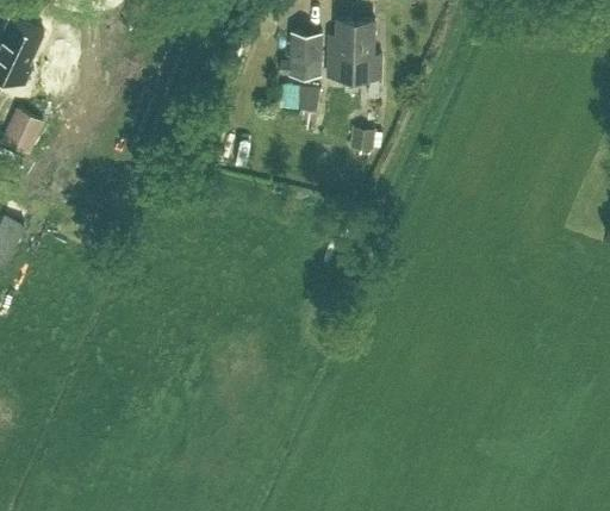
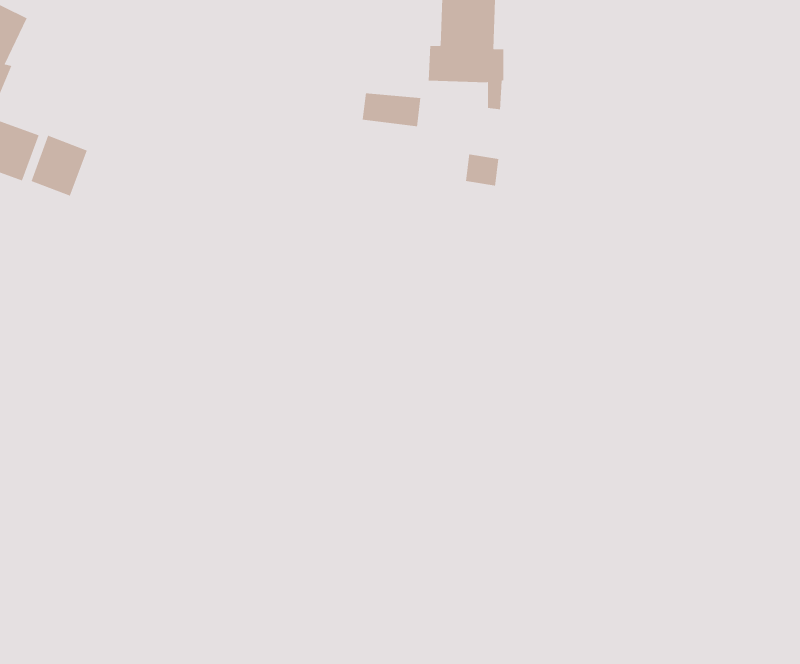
building: [278,33,320,77] -> none
building: none -> [31,135,88,197]

